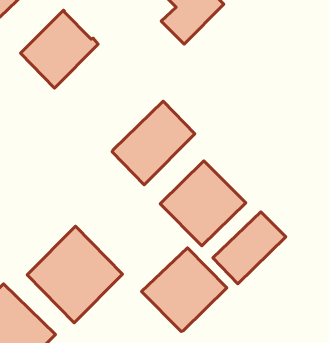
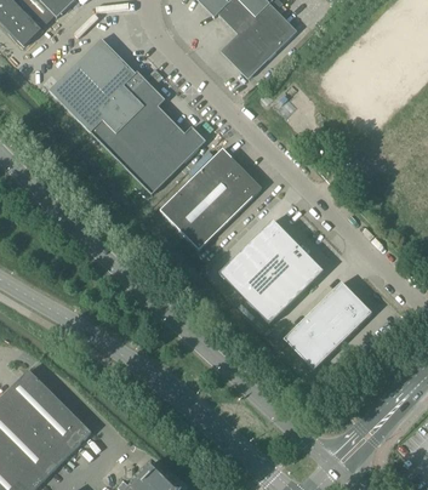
building: none -> [90,79,205,194]
building: [27,226,122,323] -> none
building: [142,248,227,332] -> none

